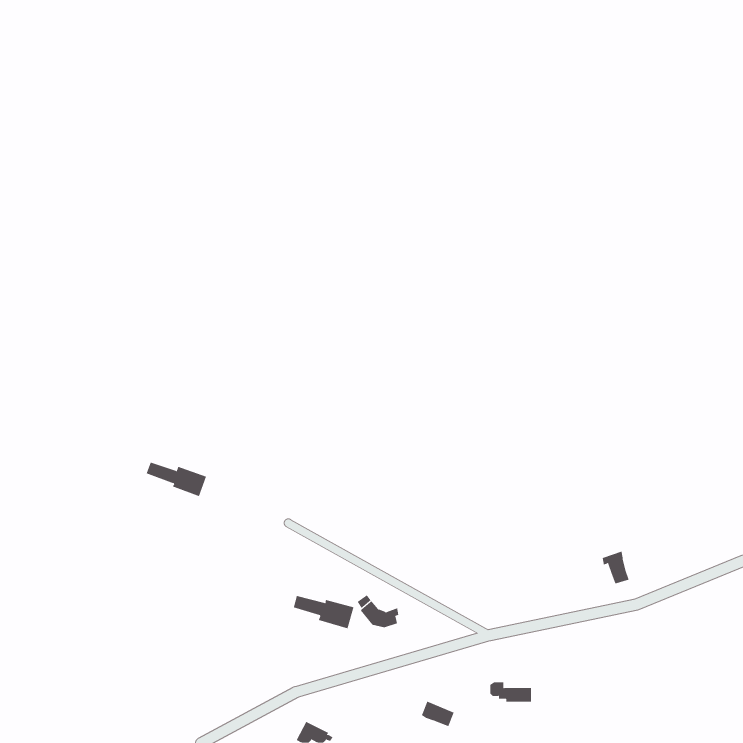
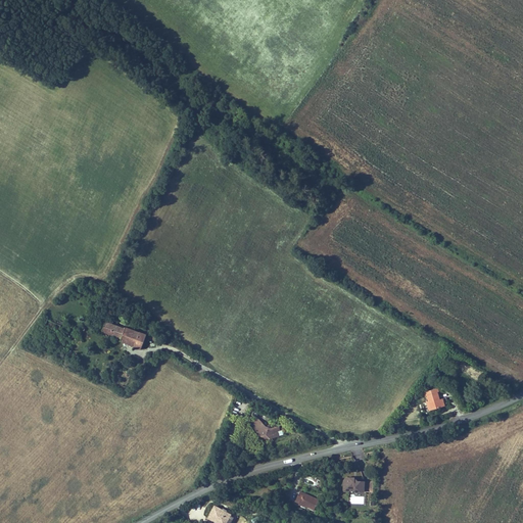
building: [293,595,354,629] -> none

